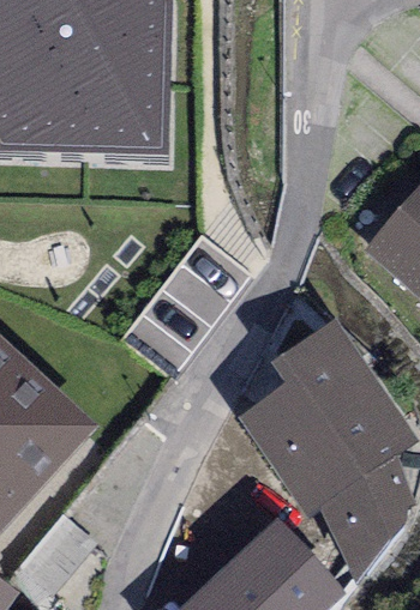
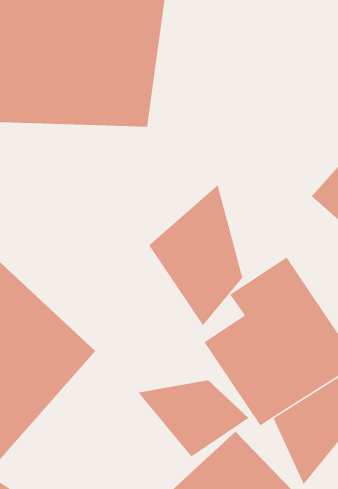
building: none -> [148,184,243,326]
building: none -> [137,379,249,457]

